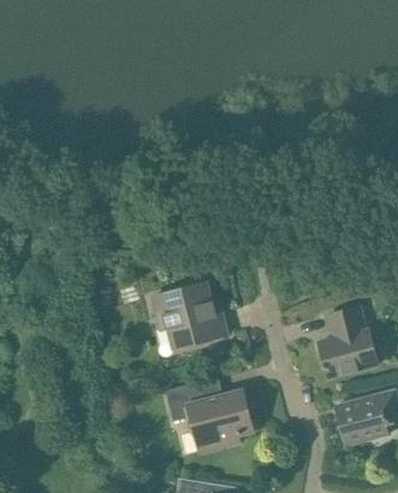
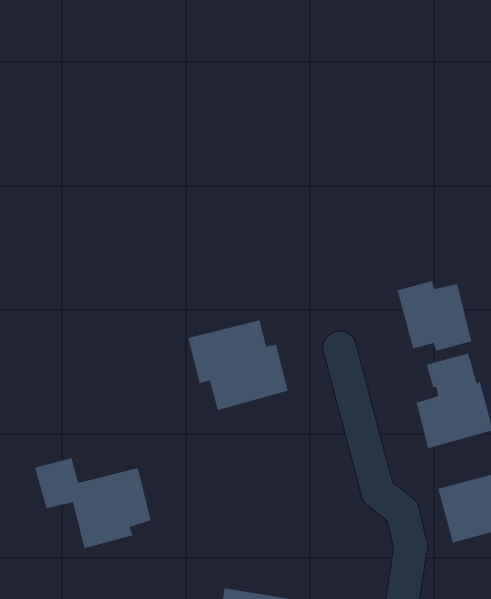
building: none -> [397,280,472,352]
building: [166,384,252,451] -> [34,458,152,549]

